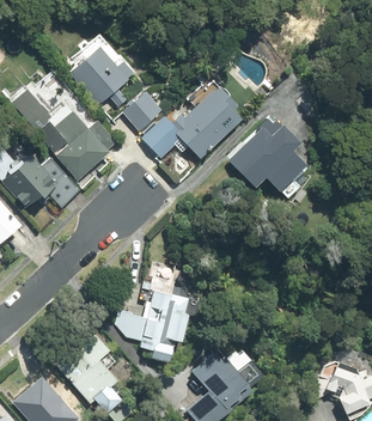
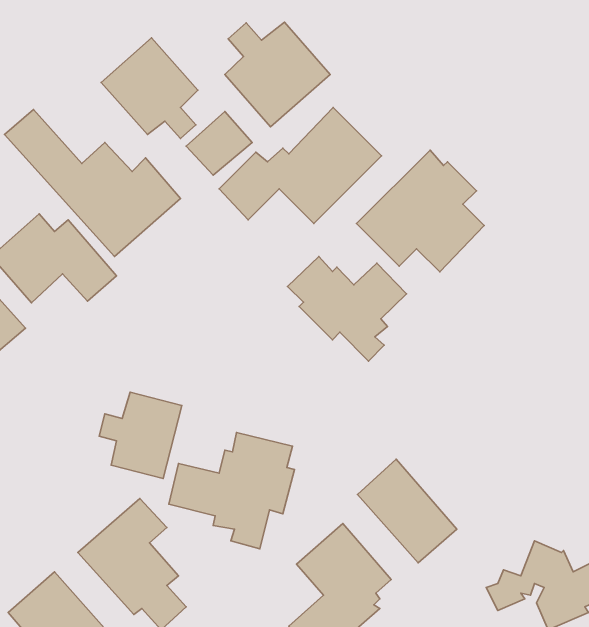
building: none -> [225,22,330,127]
building: none -> [287,257,407,361]
building: none -> [99,392,182,479]
building: none -> [358,459,457,563]

